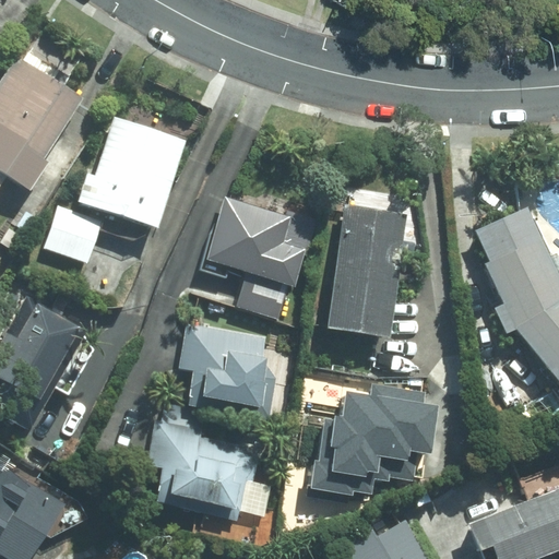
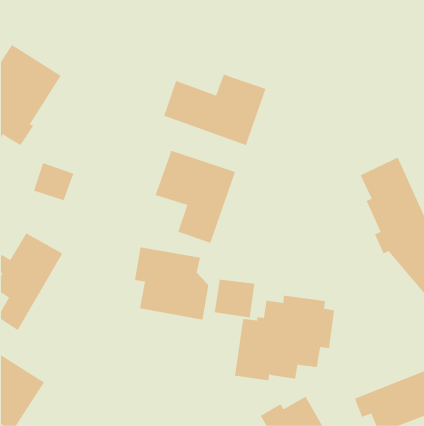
building: none -> [164,74,266,146]
building: [78,118,188,229] -> none
building: [324,202,406,336] -> none
building: none -> [214,279,255,318]
building: [148,419,257,519] -> none

